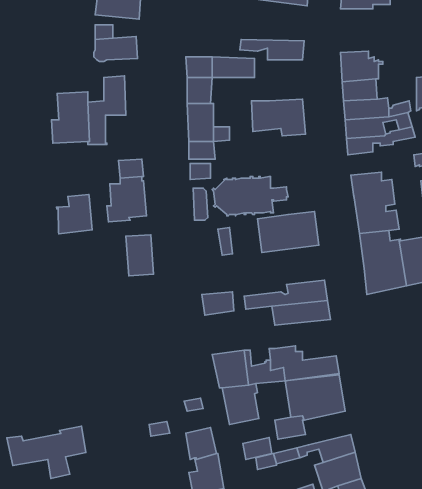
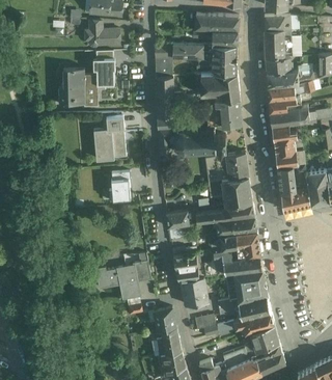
building: none -> [194,15,239,31]
building: none -> [264,17,290,39]
building: none -> [196,44,237,74]
building: none -> [205,98,242,127]
building: none -> [269,106,309,127]
building: [56,195,92,234] -> none
building: none -> [208,177,252,205]
building: none -> [214,232,260,257]
building: none -> [237,295,271,319]
building: [7,426,86,479] -> [94,260,150,297]

